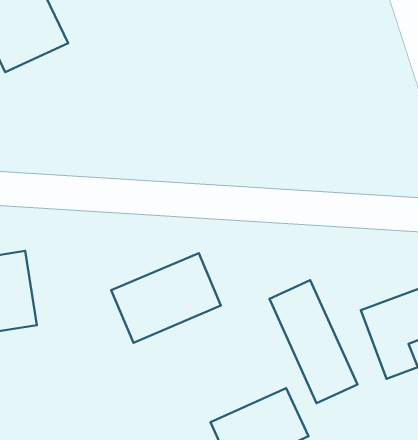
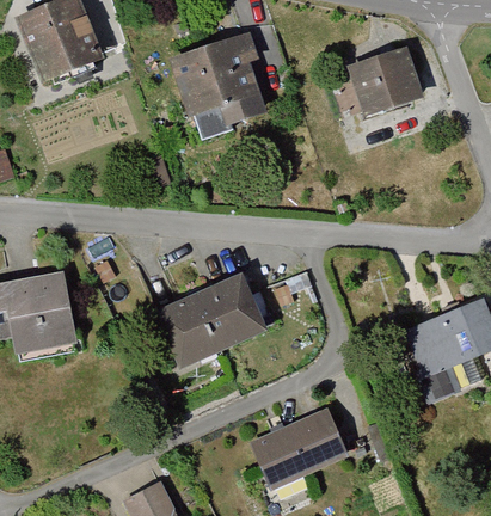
building: none -> [171,41,264,137]
building: none -> [351,48,426,115]
building: [269,280,357,403] -> none

